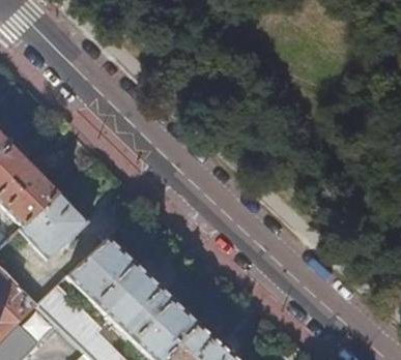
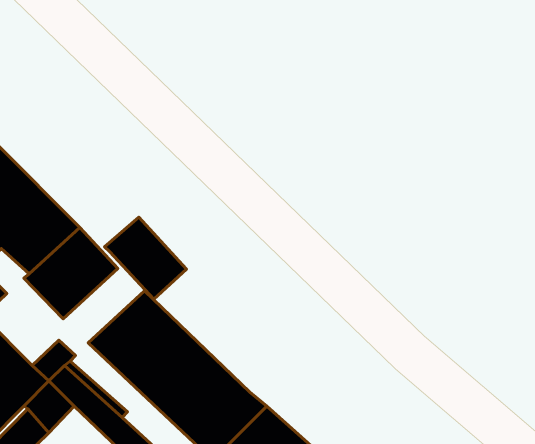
building: none -> [105,217,187,299]

